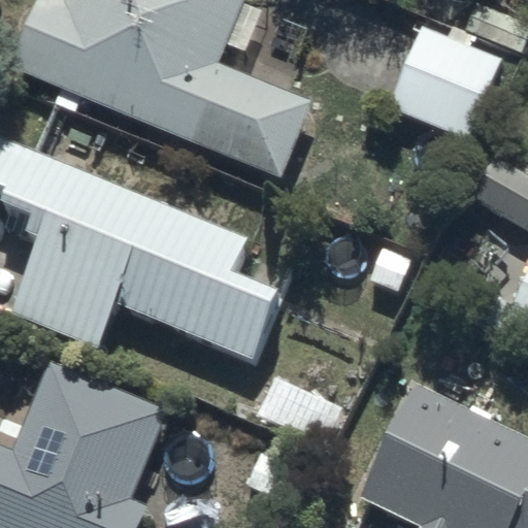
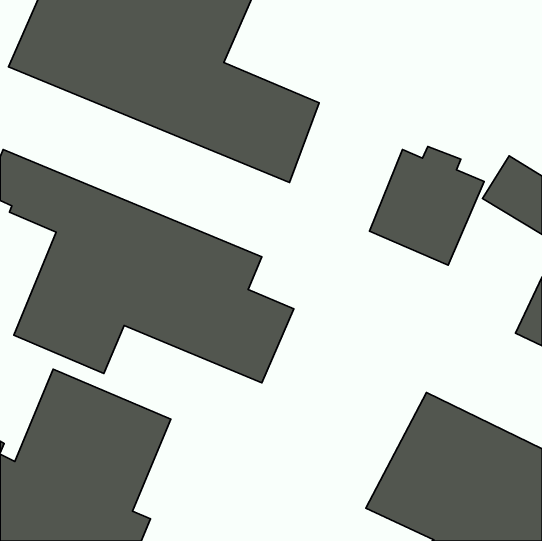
building: [390,23,501,138] -> [370,146,484,265]

